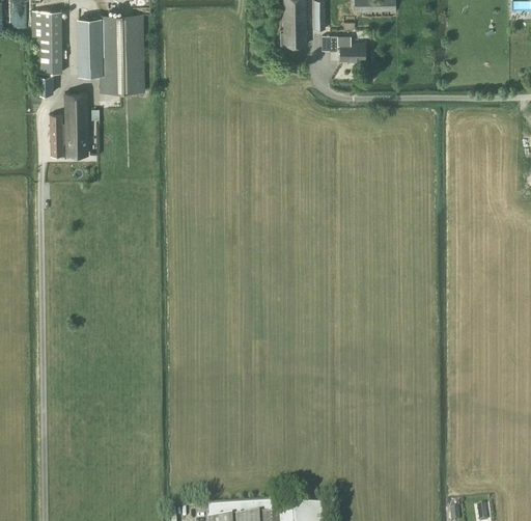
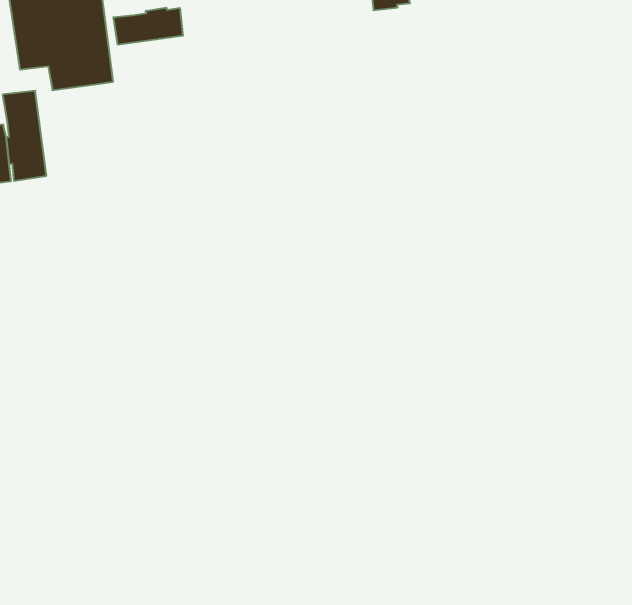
building: none -> [114,8,183,45]

